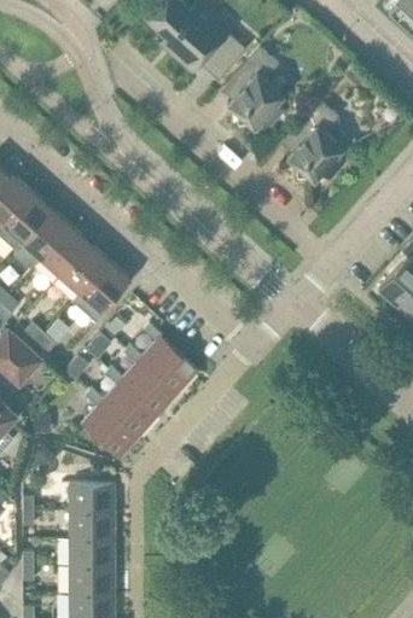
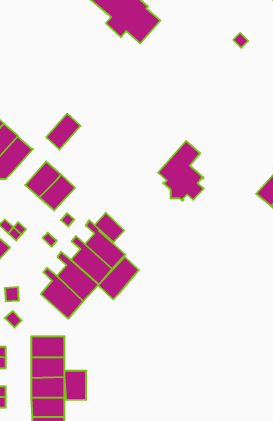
building: [221,47,284,129] -> none
building: [280,100,343,182] -> [158,141,204,201]
building: [42,227,89,276] -> [46,114,81,150]
building: none -> [94,213,124,242]
building: none -> [98,257,139,299]
building: none -> [65,370,86,400]

